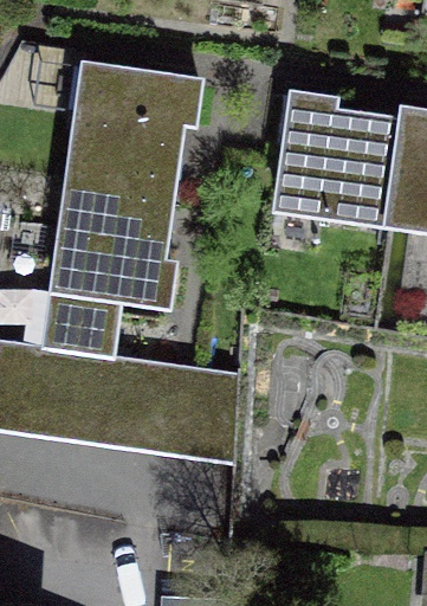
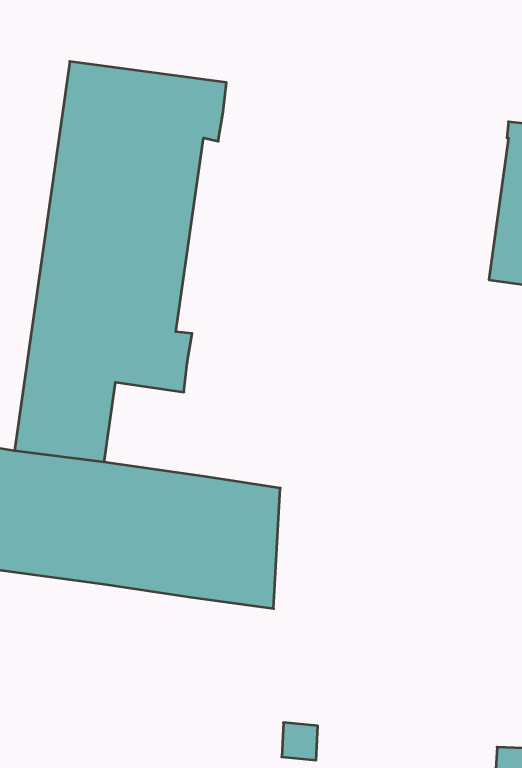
building: [277,92,403,223] -> none

